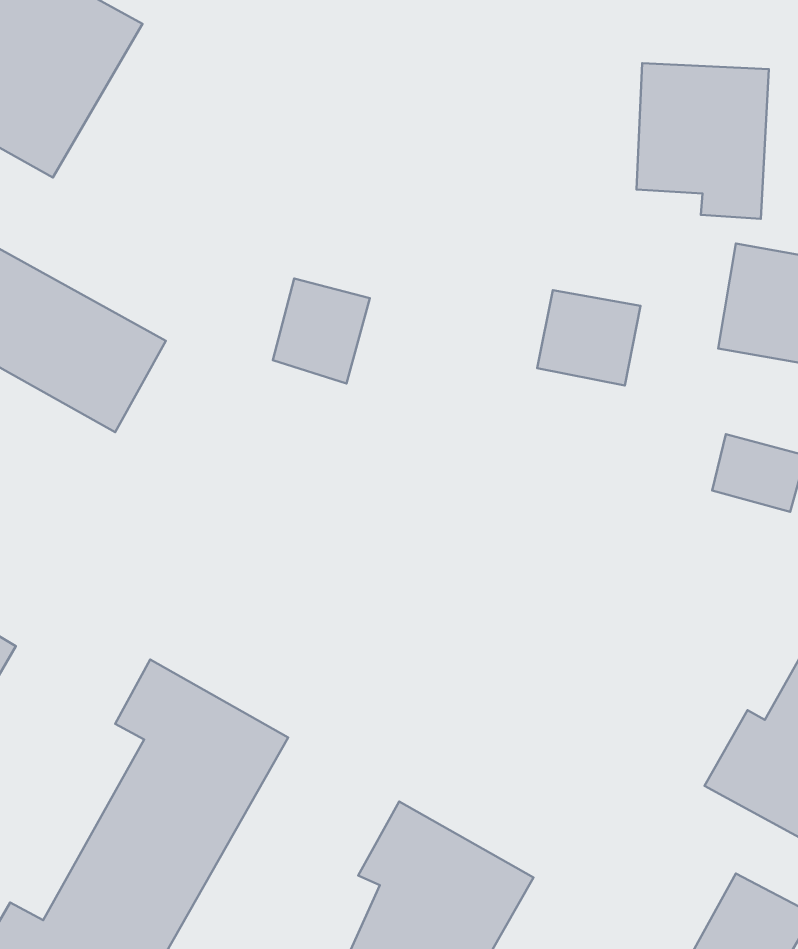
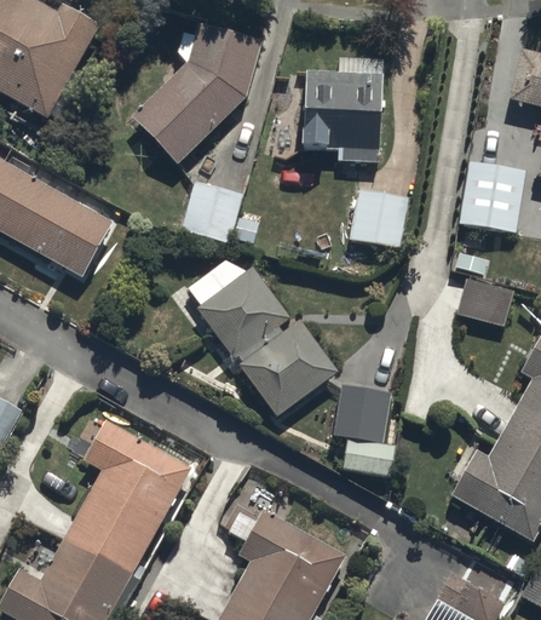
building: none -> [128,22,263,163]
building: [636,63,769,219] -> [300,68,382,165]
building: none -> [195,265,340,419]
building: none -> [332,383,393,449]

